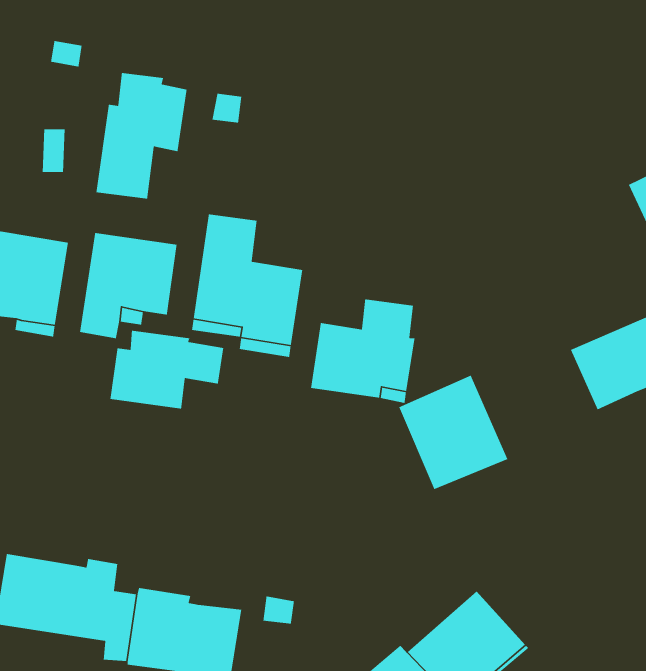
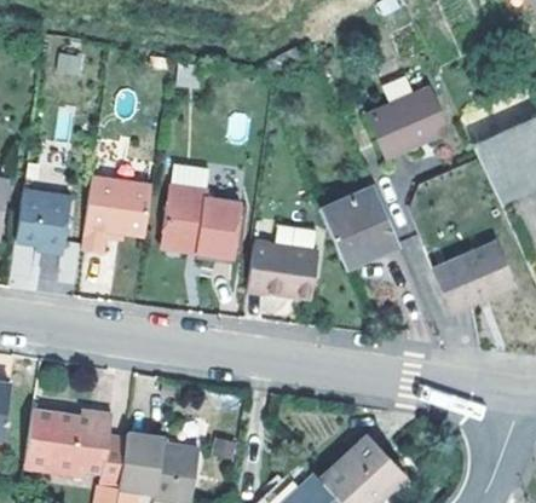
building: [96,72,187,200] -> none
building: none -> [365,76,440,158]
building: [109,330,224,410] -> none
building: [398,375,509,490] -> [319,184,398,266]

